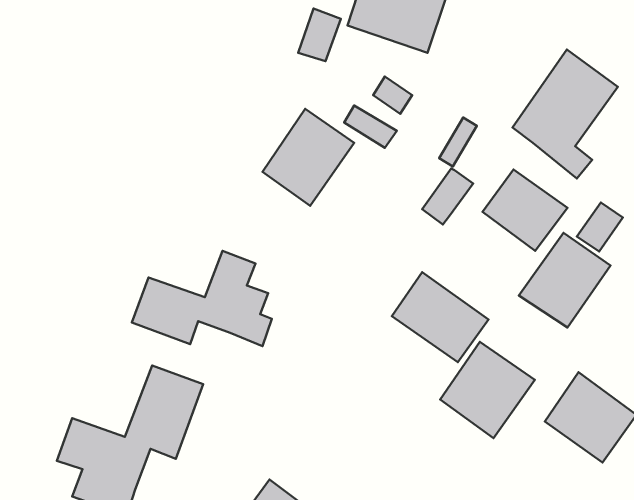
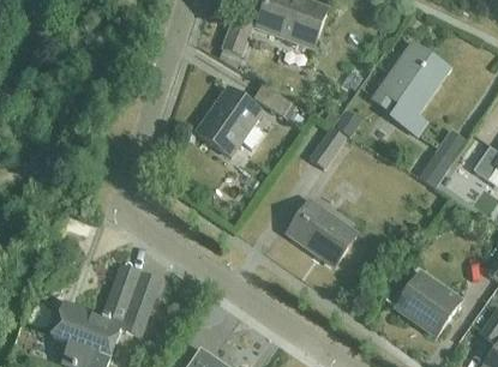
building: [482,169,567,251] -> none
building: [519,233,610,327] -> none
building: [132,251,272,346] -> none
building: [440,342,535,438] -> none

